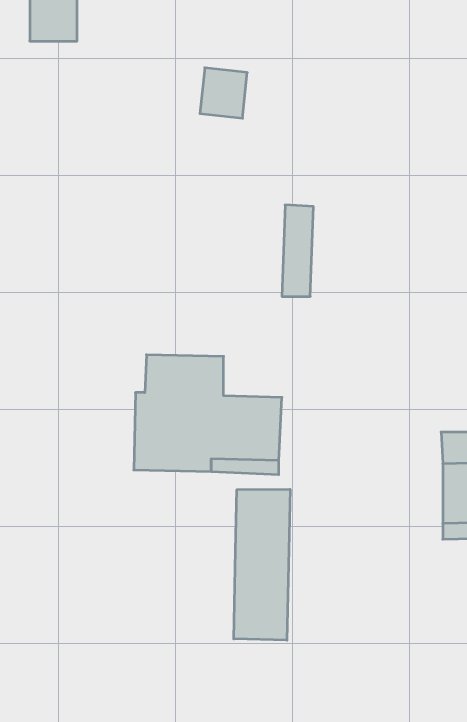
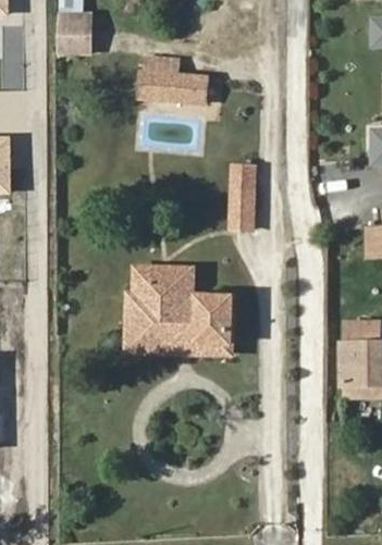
building: none -> [138,69,177,103]
building: [234,489,290,640] -> none

